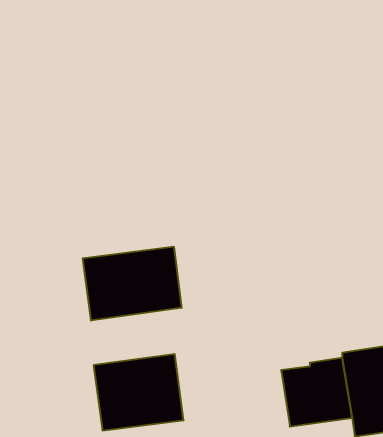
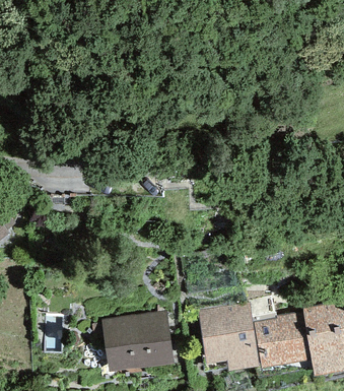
building: [83,247,182,321] -> none
building: none -> [197,300,261,371]

